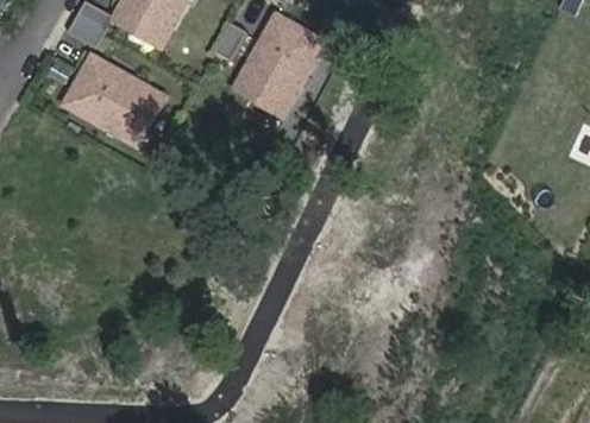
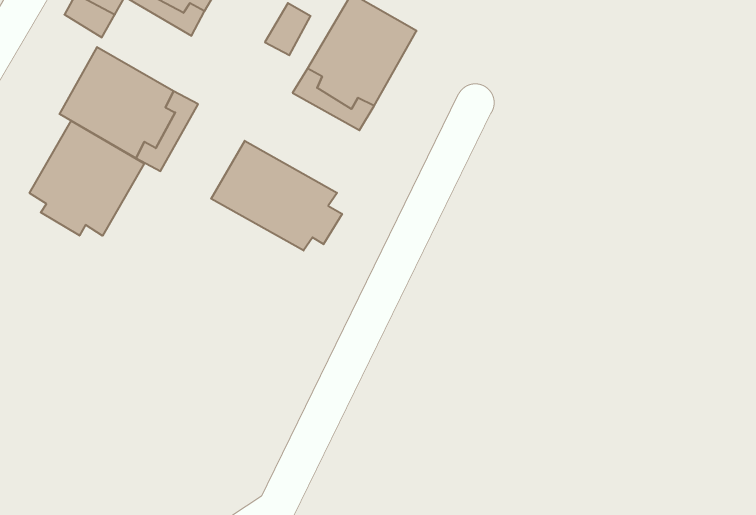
building: none -> [30,121,144,236]
building: none -> [211,141,342,251]

